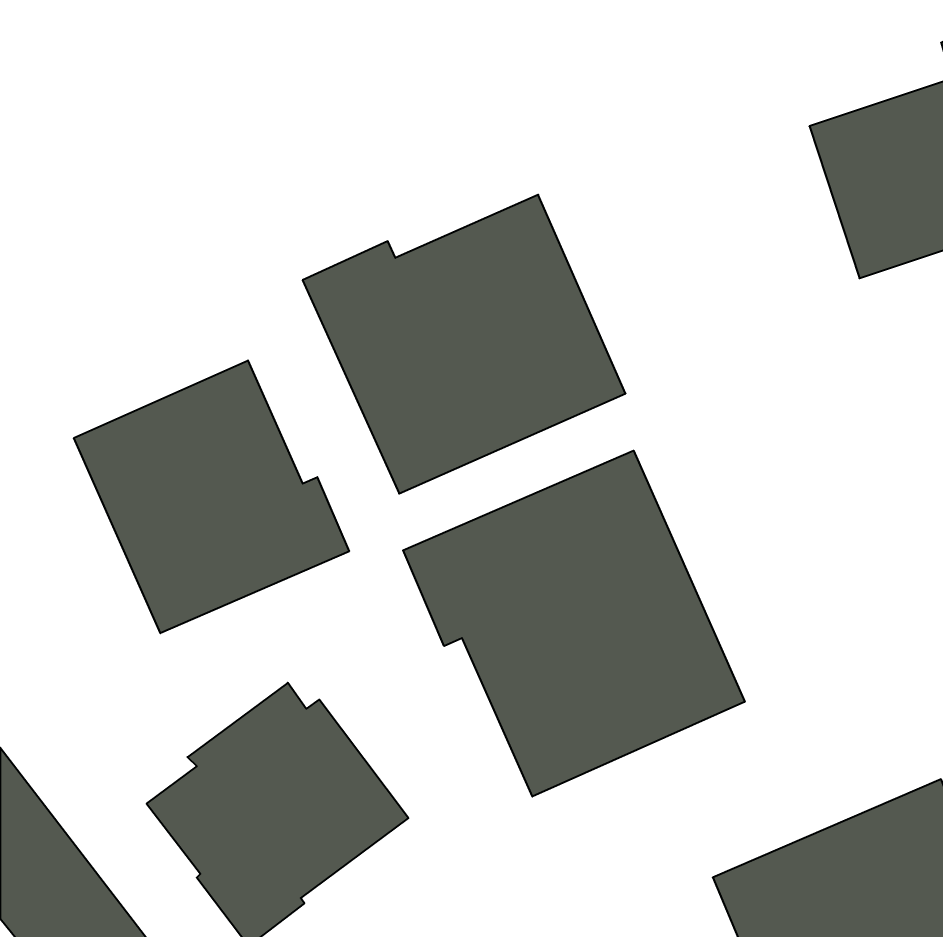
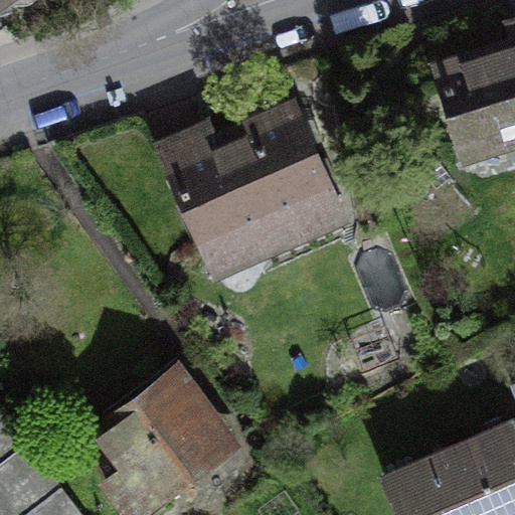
building: [74,360,349,633] -> none
building: [403,451,745,797] -> none

